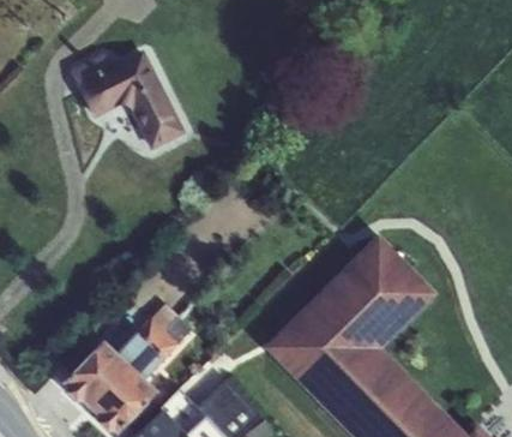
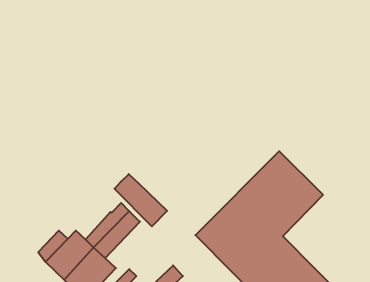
building: [70,48,187,151] -> none
building: none -> [114,174,167,226]

